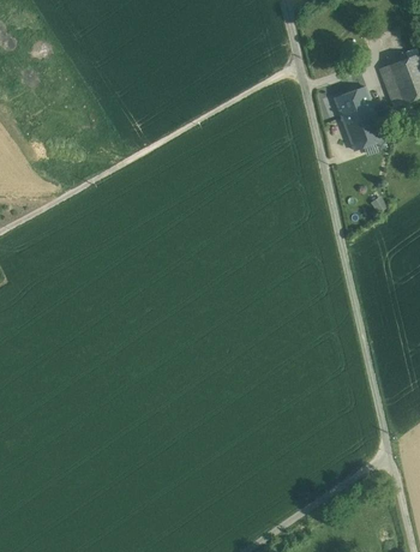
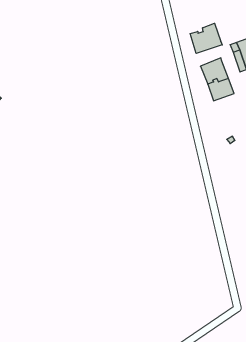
building: none -> [190,23,222,53]

